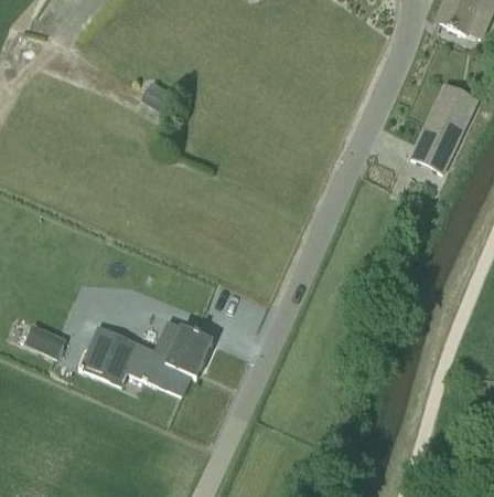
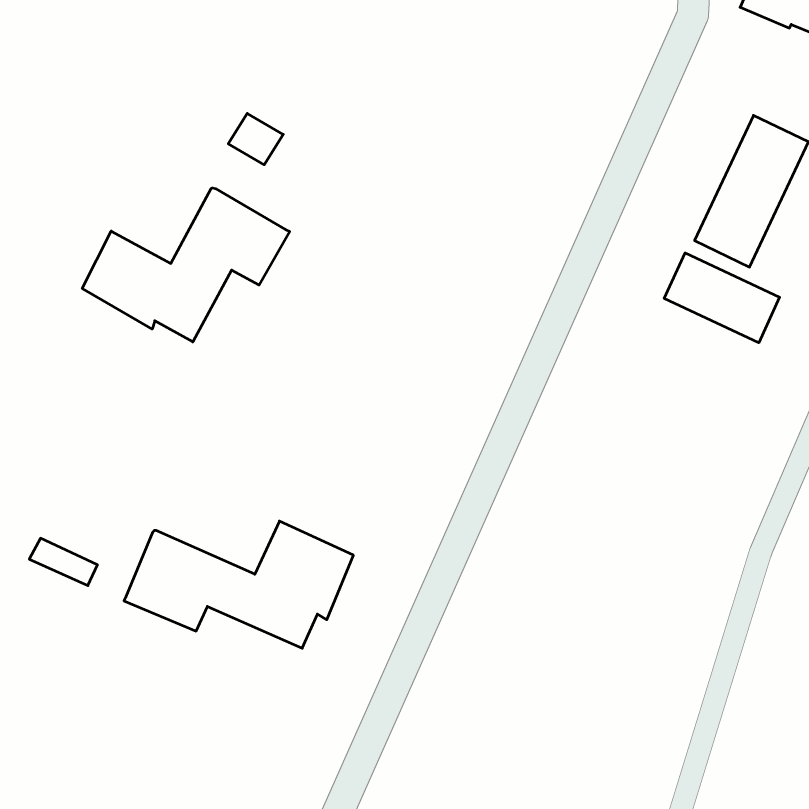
building: none -> [82,188,290,342]
building: none -> [664,253,780,343]

